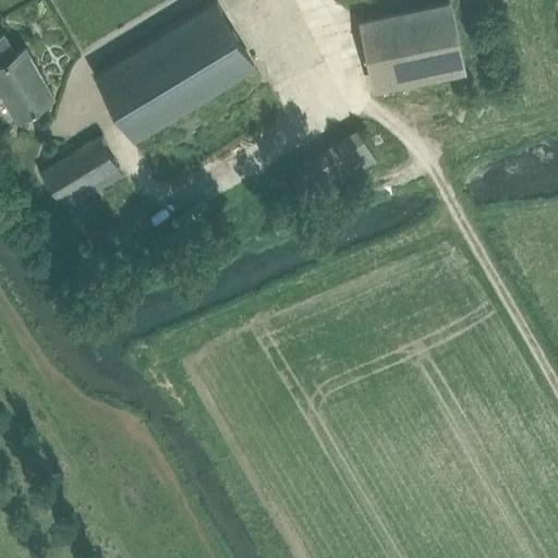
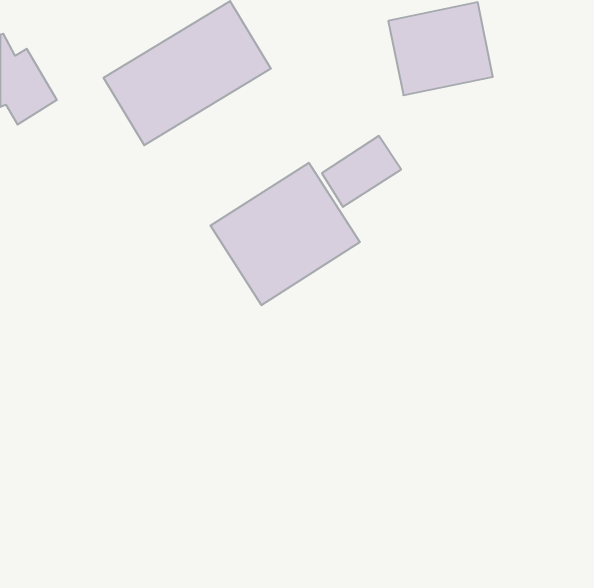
building: [41,140,119,214] -> none
building: none -> [210,163,360,305]

